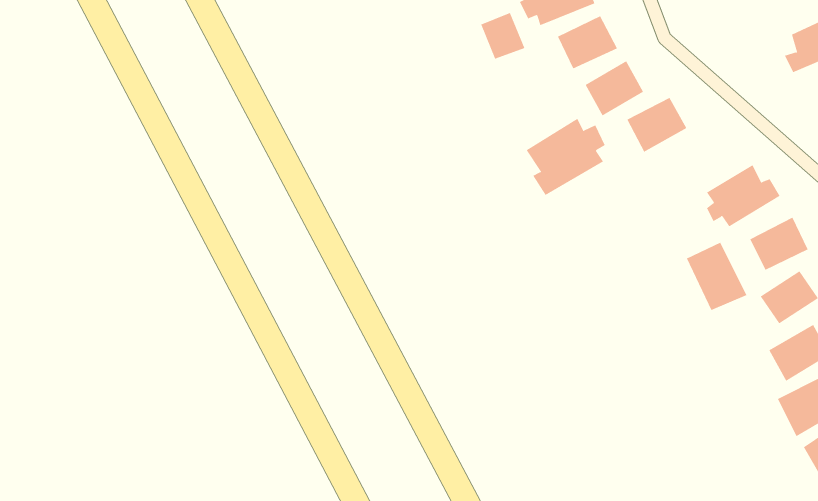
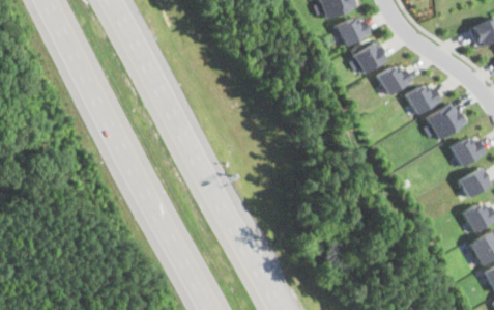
building: [481,12,525,60] -> none
building: [526,118,606,196] -> none
building: none -> [407,80,443,113]
building: [686,242,747,311] -> none

